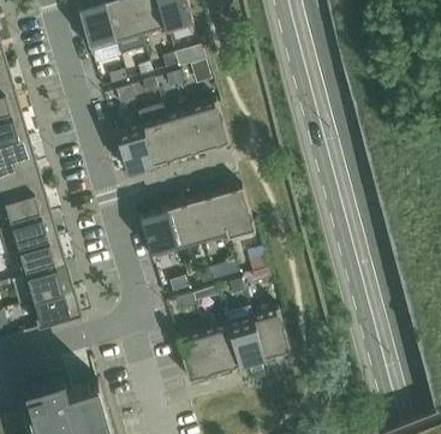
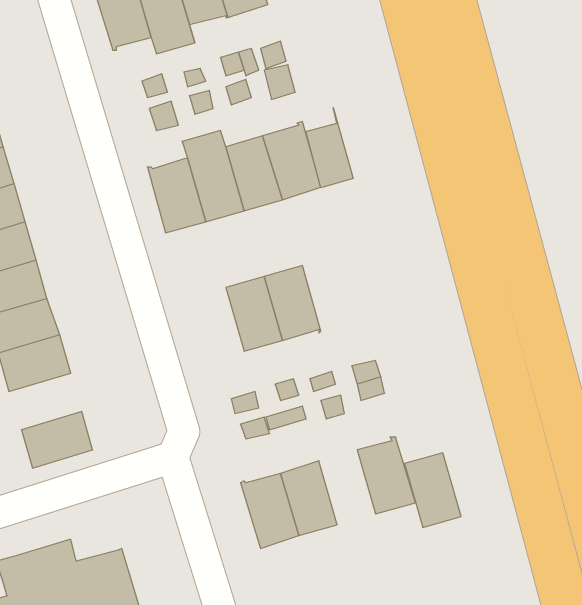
building: none -> [306,108,353,188]
building: [216,186,255,237] -> none
building: [139,208,178,260] -> none
building: [23,264,71,302] -> none
building: [227,315,264,364] -> [404,453,461,528]

